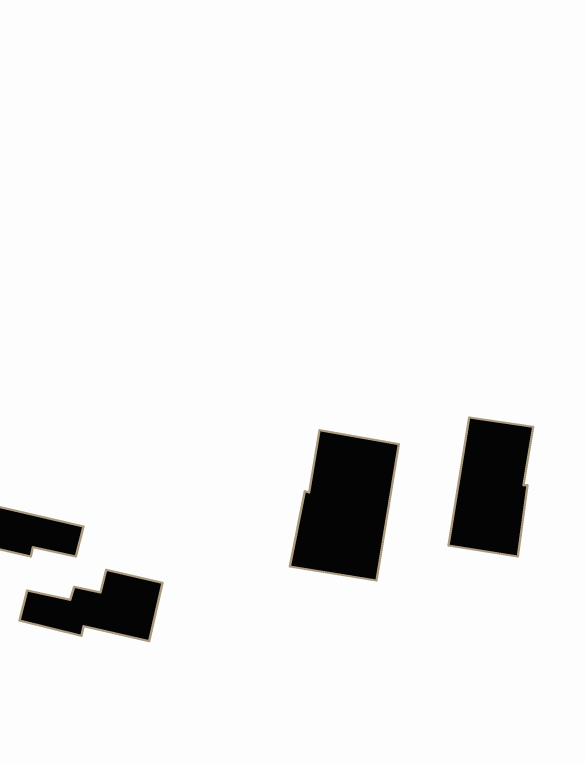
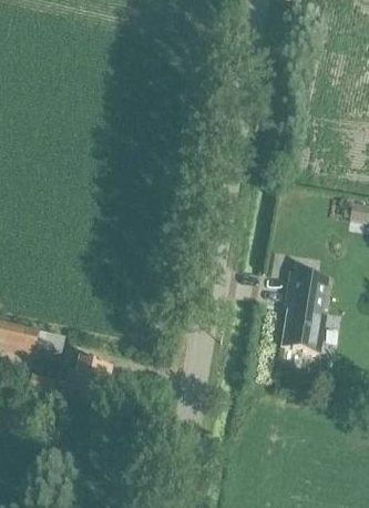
building: [290,430,399,581] -> none

